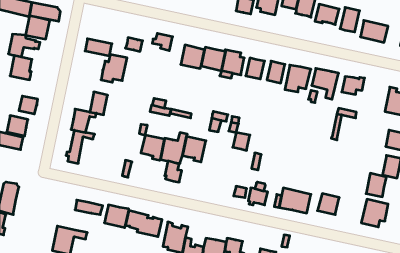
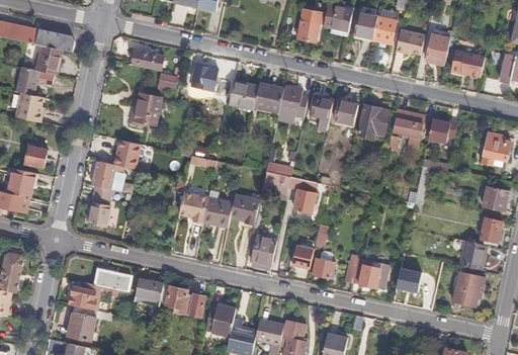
building: [85,39,112,56] -> [131,50,164,71]
building: [165,161,182,182] -> [250,244,271,270]
building: none -> [64,280,116,310]

